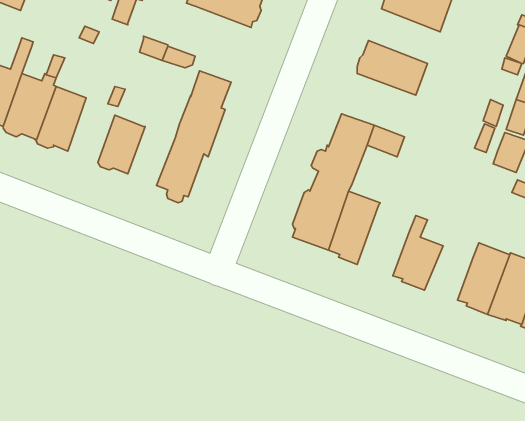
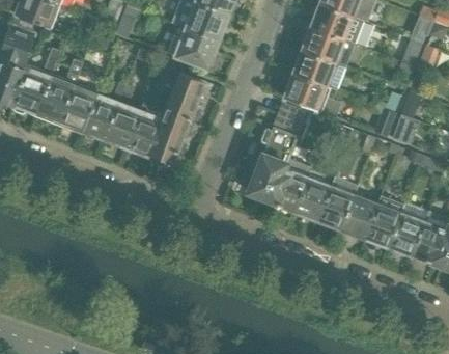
building: none -> [167,25,218,67]
building: none -> [303,27,355,66]
building: none -> [285,74,340,117]
building: none -> [85,91,119,139]
building: none -> [129,102,166,155]
building: none -> [294,169,332,220]
building: none -> [343,198,378,238]

